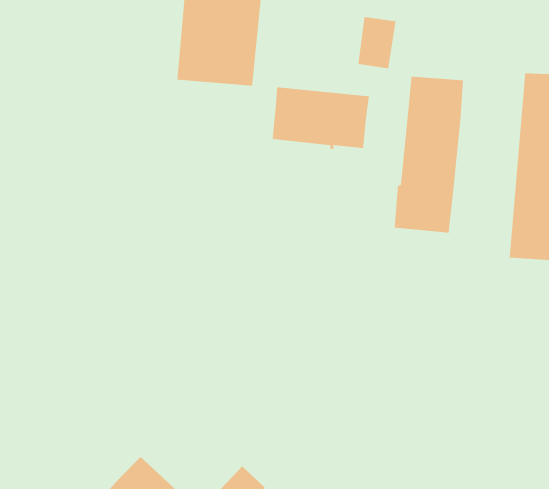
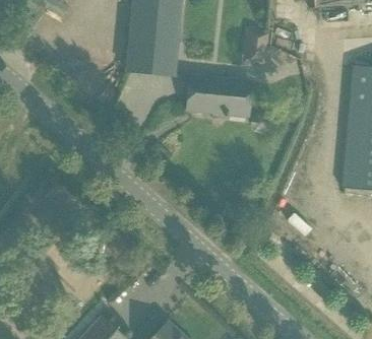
building: [394,76,464,233] -> none

